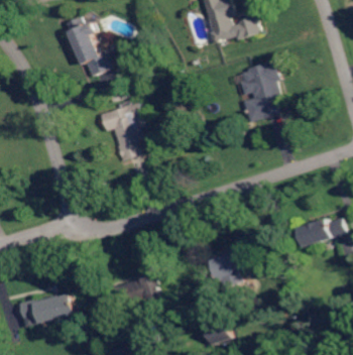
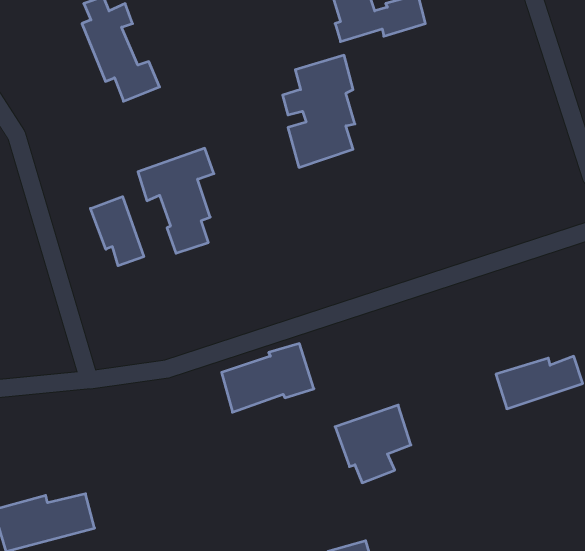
building: [239,60,279,122] -> [283,55,355,167]
building: none -> [90,197,144,266]
building: [110,270,161,309] -> [222,344,314,412]

